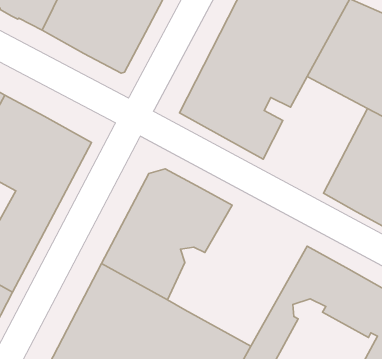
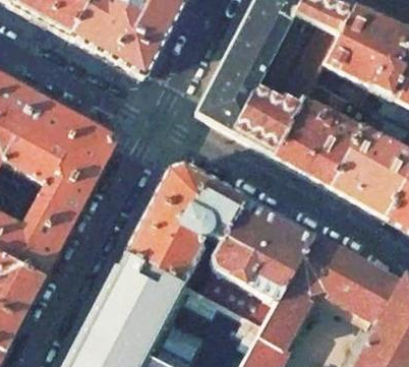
building: none -> [276,76,372,184]
building: none -> [203,195,316,325]

